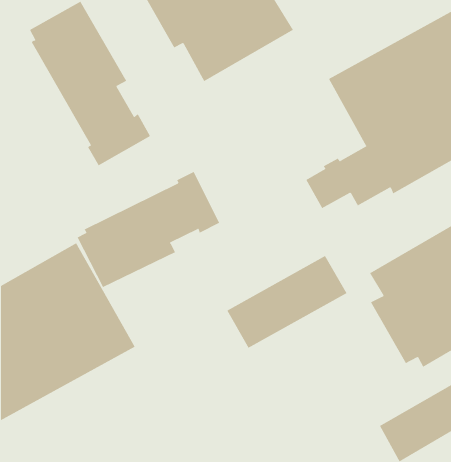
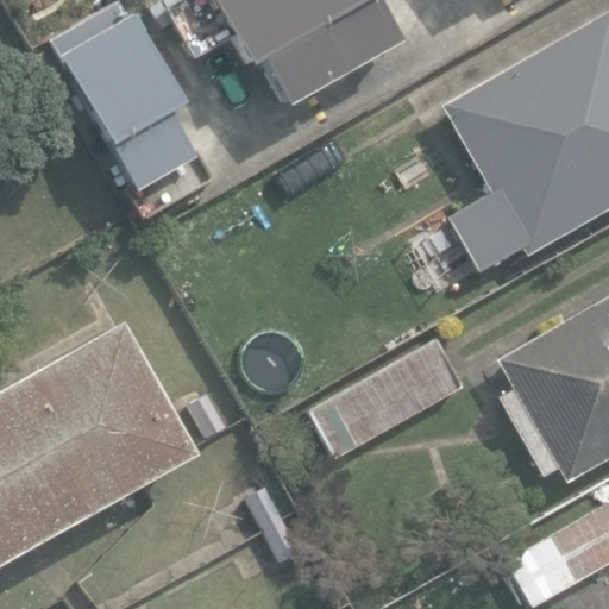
building: [77,171,220,288] -> none

